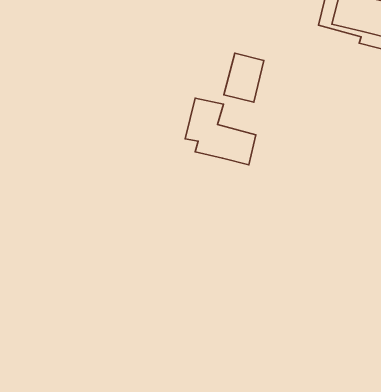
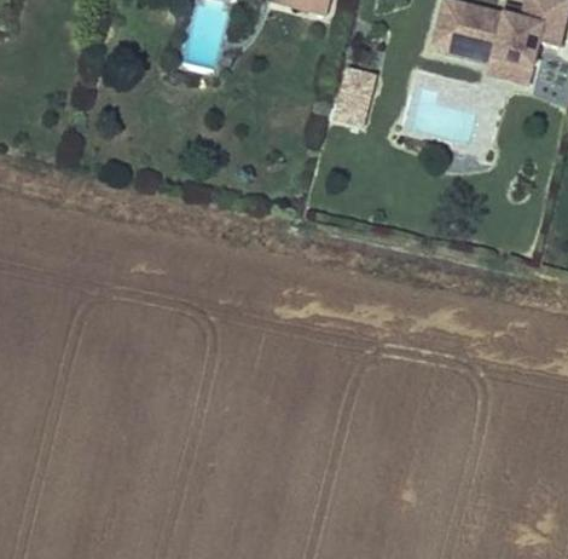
building: [185,98,256,165] -> none

